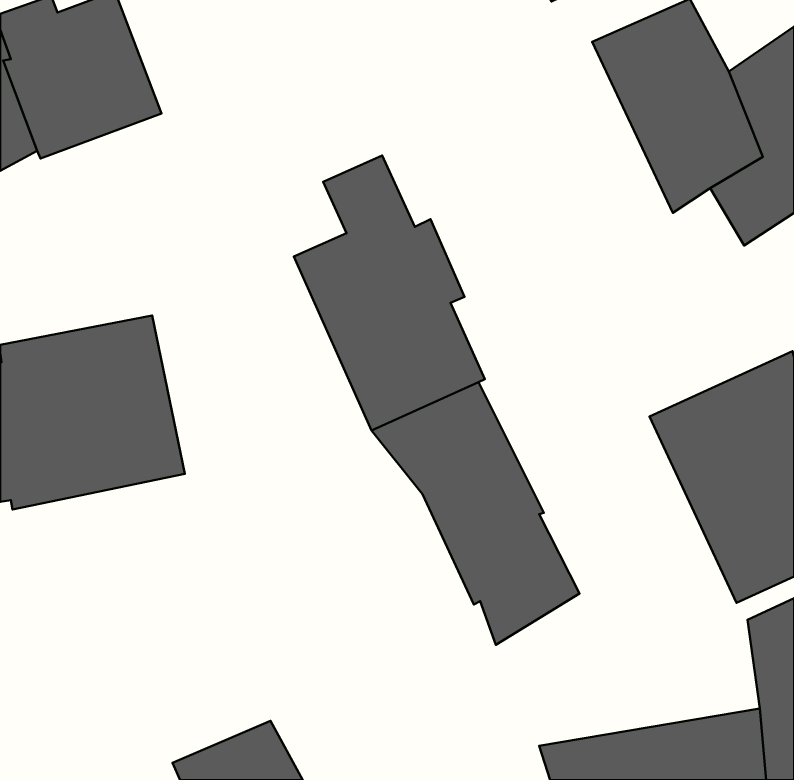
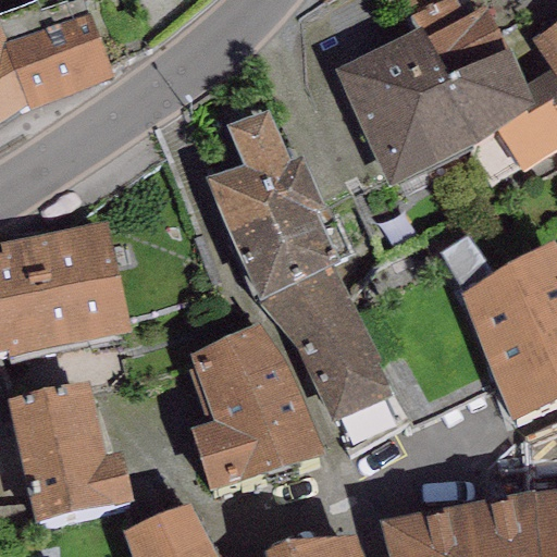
building: none -> [333,29,471,188]
building: none -> [186,324,327,495]
building: none -> [7,383,132,524]

